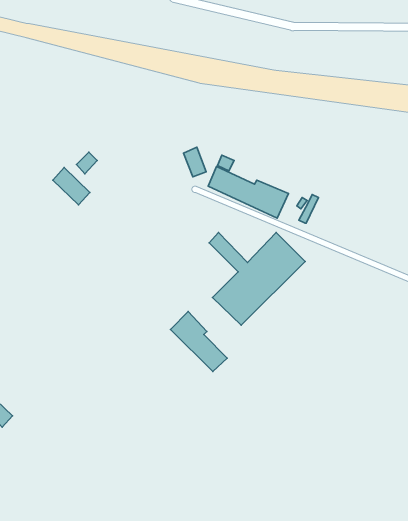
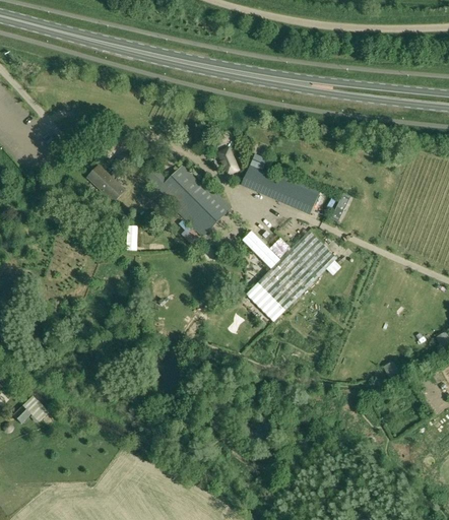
building: none -> [144,160,232,237]
building: [170,311,227,372] -> none

